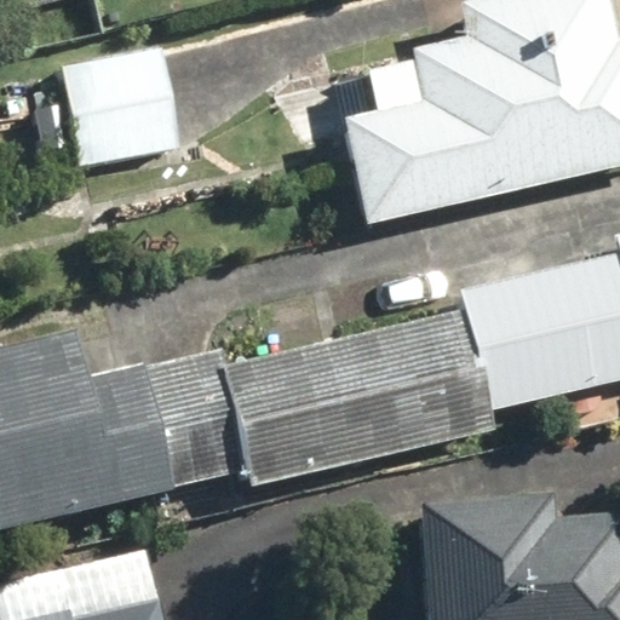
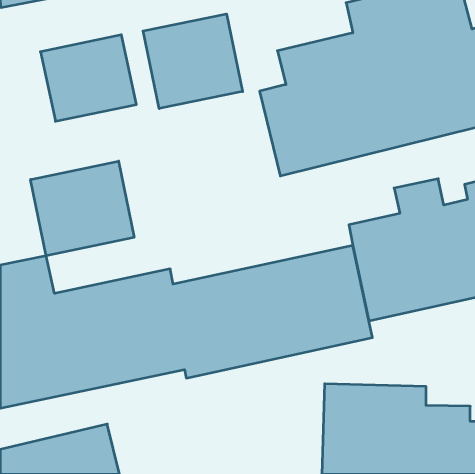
building: none -> [143,14,243,109]
building: none -> [31,161,134,256]

